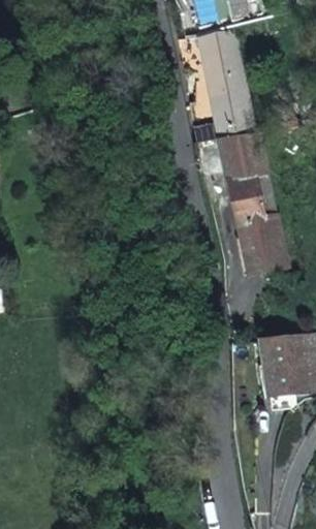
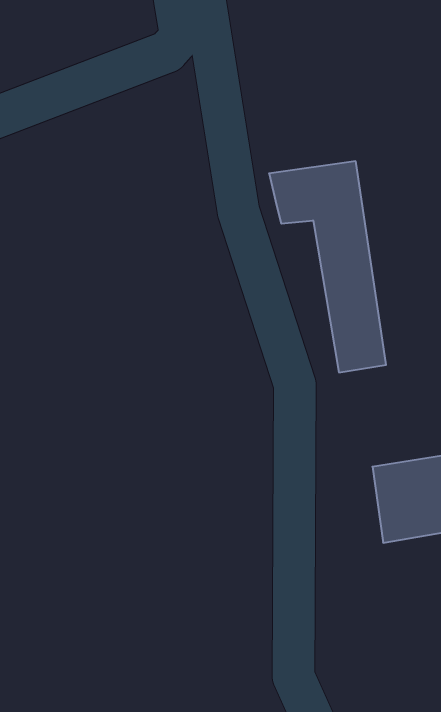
building: [198,33,251,135] -> none

